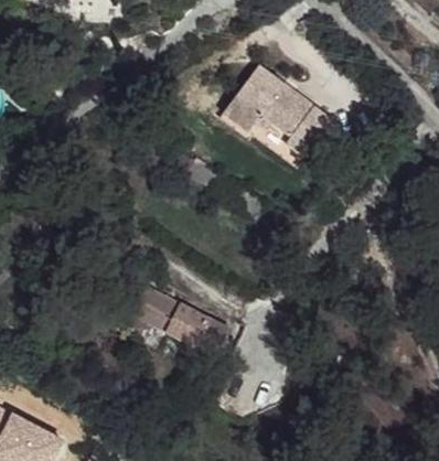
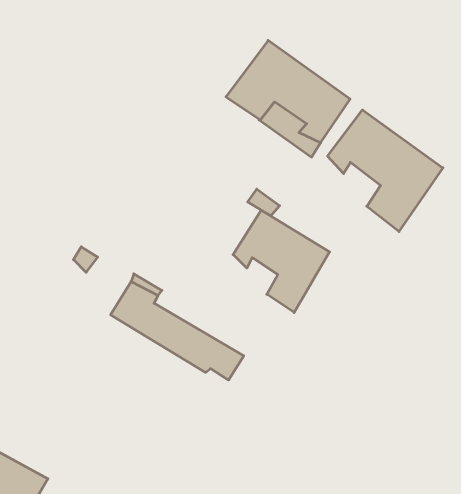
building: none -> [328,110,443,232]
building: none -> [233,210,330,313]

